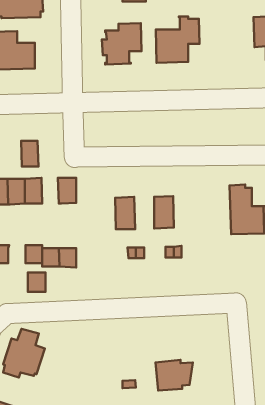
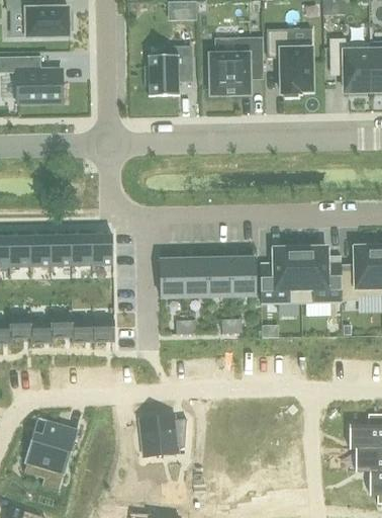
building: none -> [266,28,312,95]
building: [21,141,38,167] -> [70,234,91,265]
building: none -> [260,243,301,303]
building: none -> [230,256,255,294]
building: none -> [183,257,207,296]
building: [28,273,45,292] -> [29,320,51,343]
building: [156,360,193,391] -> [142,416,188,453]

